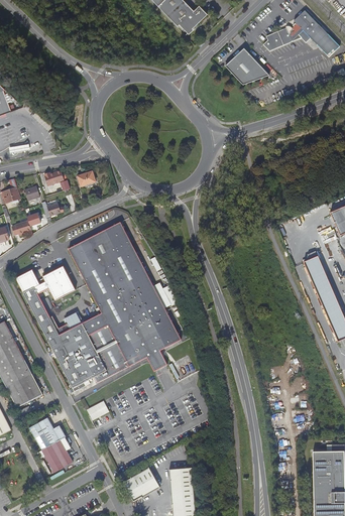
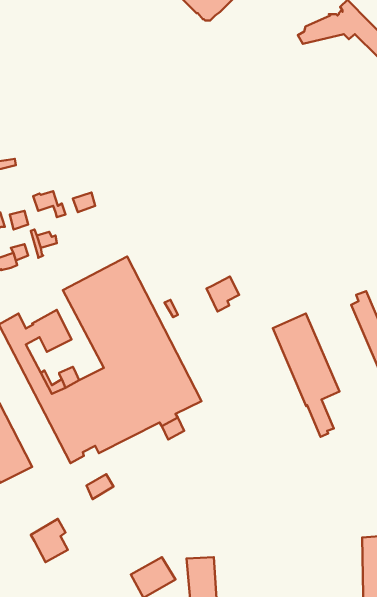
building: [224,48,268,86] -> none
building: none -> [207,276,239,311]
building: none -> [273,313,339,437]
building: [28,417,65,449] -> none

